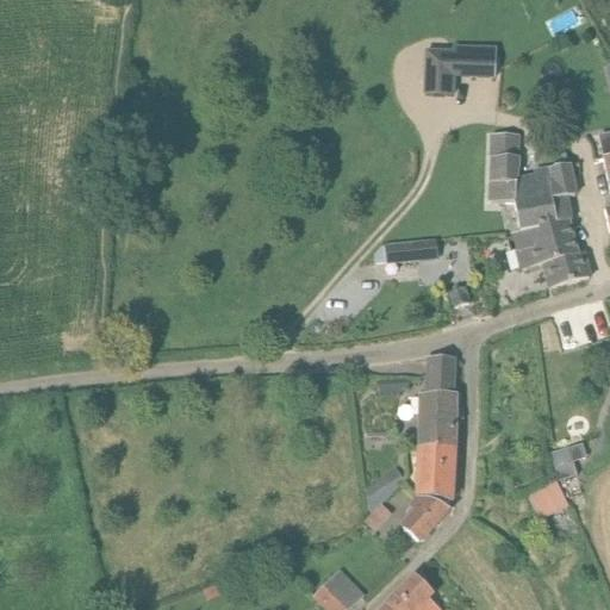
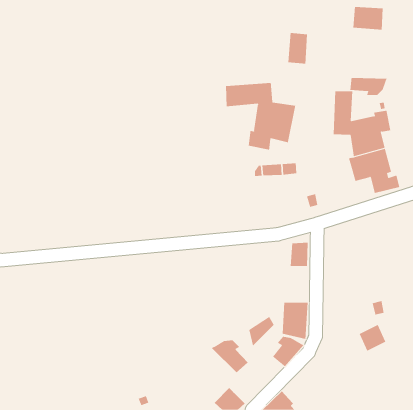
building: [454,43,499,77] -> [353,7,383,30]
building: none -> [350,77,387,96]
building: none -> [225,82,296,150]
building: [418,391,455,444] -> none
building: none -> [211,340,248,373]

